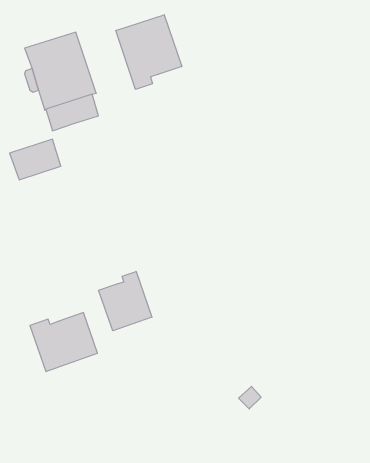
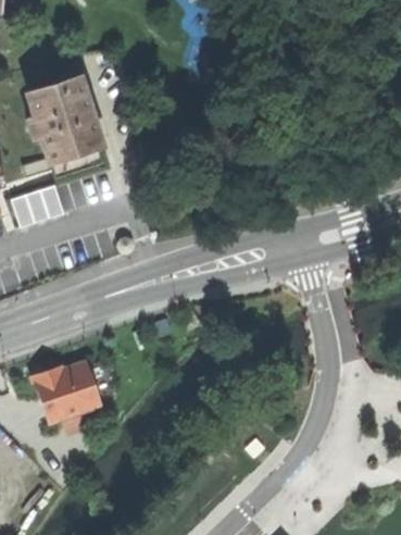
building: [116,15,182,89] -> none
building: [99,271,152,331] -> none

